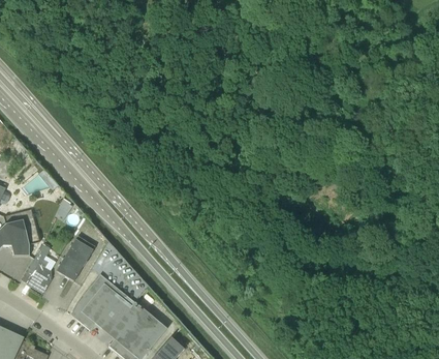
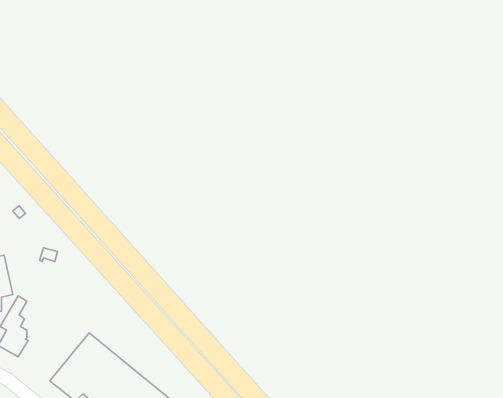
building: [56,236,94,281] -> none

